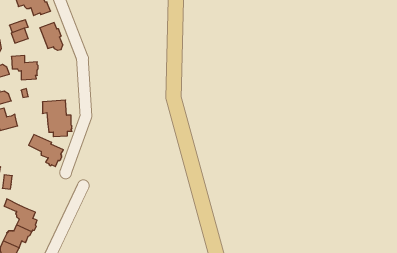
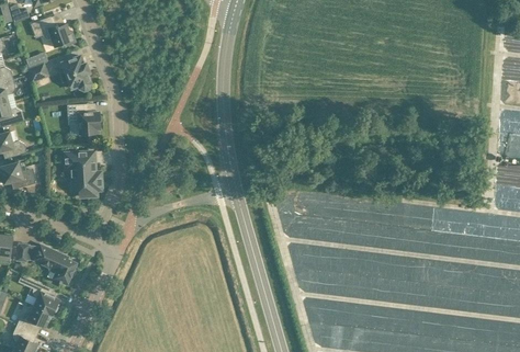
building: [11,56,38,80] -> [68,104,101,134]
building: [29,135,63,167] -> [34,245,77,284]

